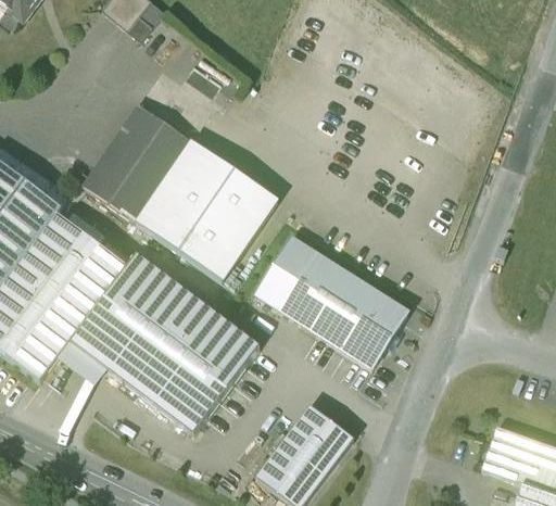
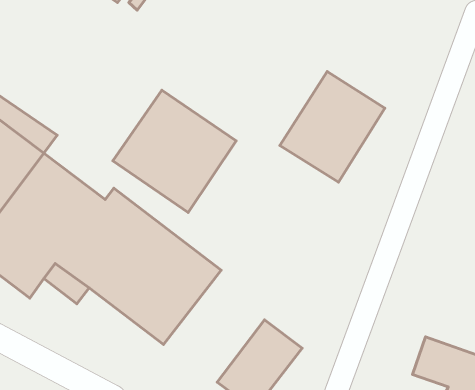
building: [81,102,192,222] -> none
building: none -> [280,72,385,182]
building: [255,237,408,366] -> none

